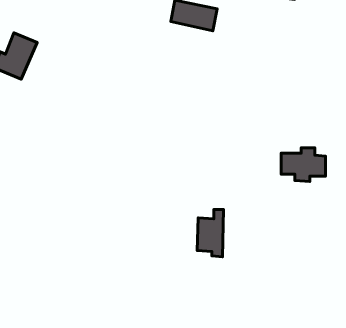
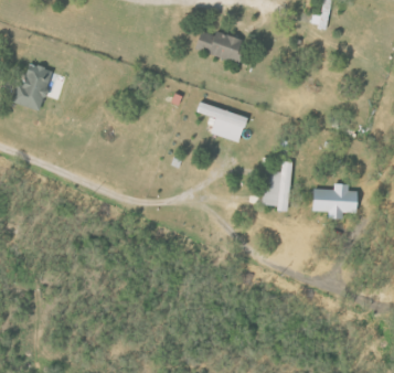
building: none -> [196,100,247,142]
building: [197,209,223,257] -> [263,161,290,211]

